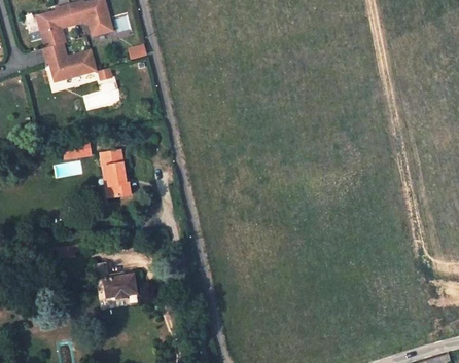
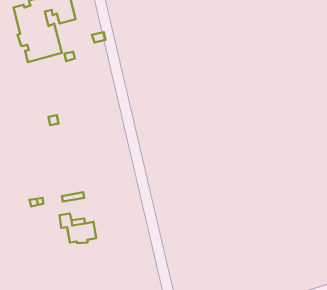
building: [100,150,130,198] -> none

